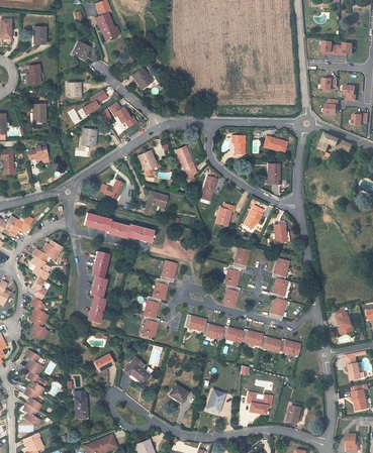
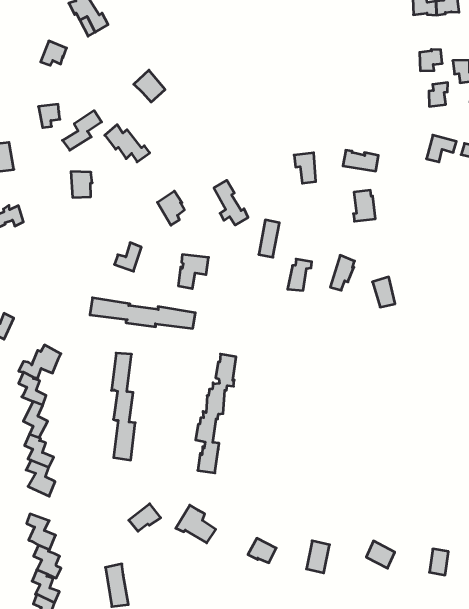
building: [223,247,250,307] -> none
building: [269,257,289,319] -> none
building: [185,315,301,355] -> none

